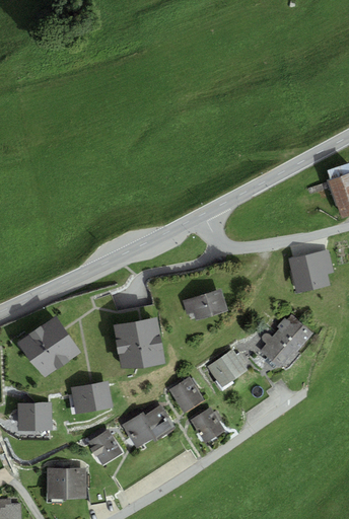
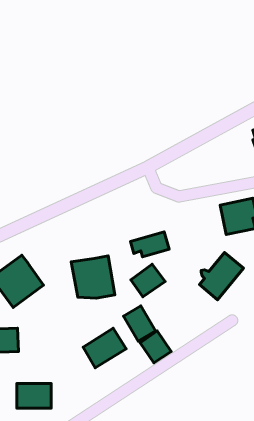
building: [210,349,251,387] -> [131,264,165,297]
building: [70,382,111,415] -> none
building: [91,431,125,465] -> none

